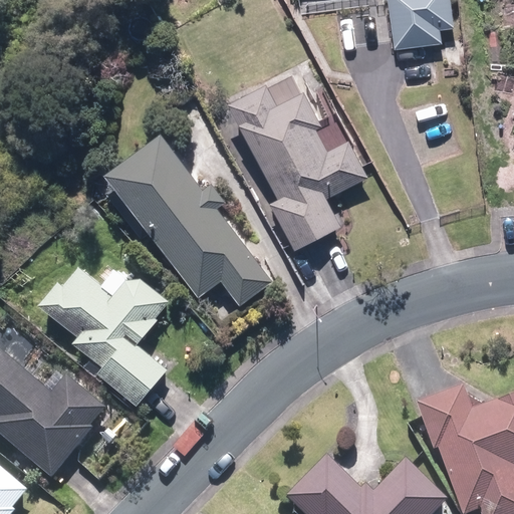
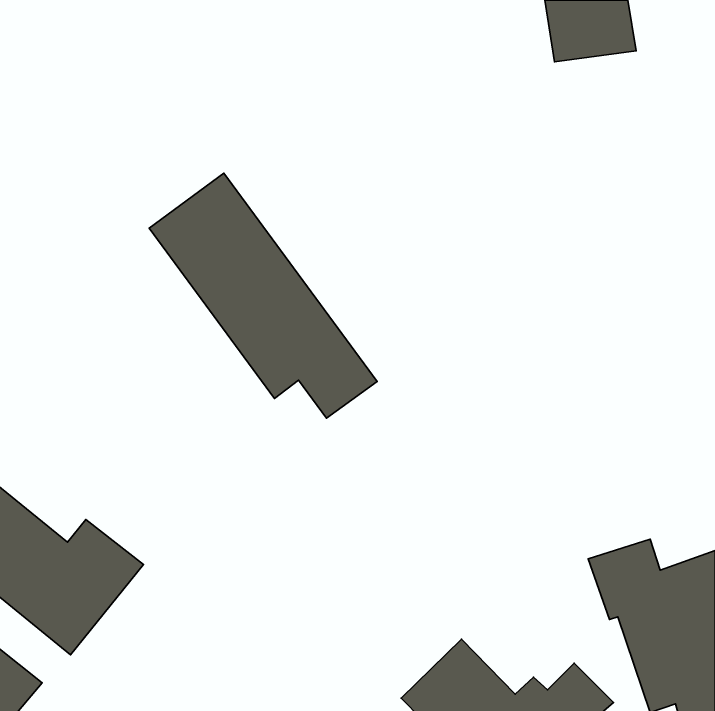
building: [232,85,367,246] -> none
building: [43,262,168,403] -> none

